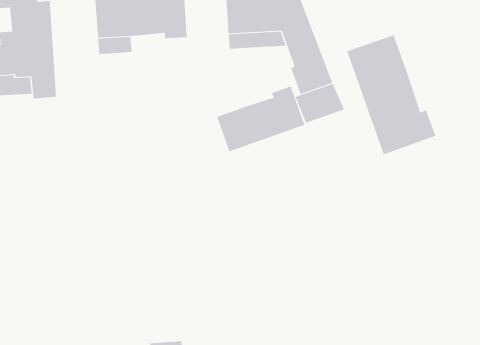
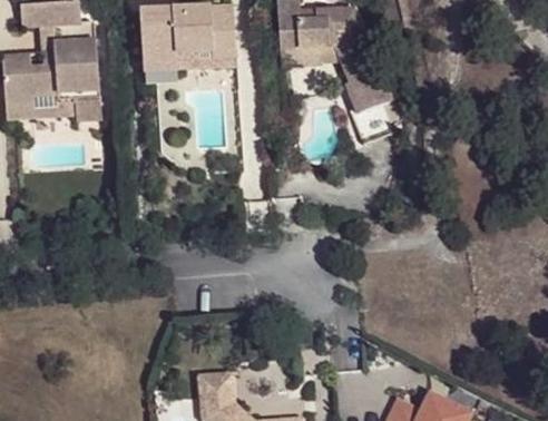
building: [346,34,436,155] -> none
building: [217,86,305,152] -> none

